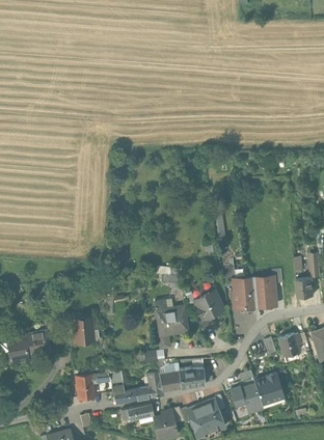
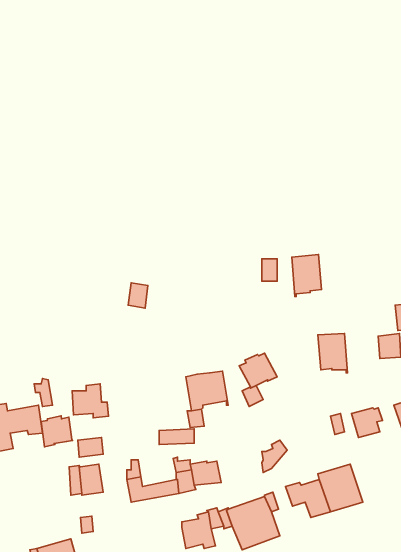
building: [234,277,255,308] -> [292,254,321,297]
building: none -> [41,416,73,447]
building: [179,366,205,386] -> none
building: [122,403,153,422] -> none

